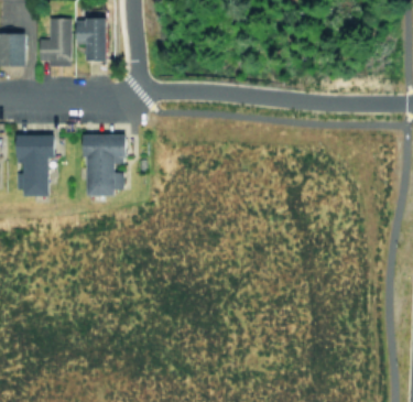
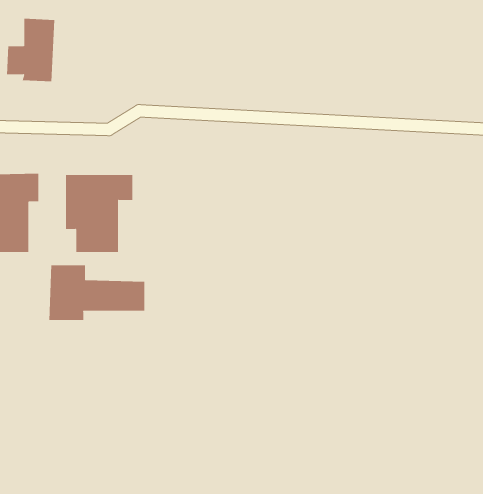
building: [69,18,108,58] -> none
building: none -> [49,264,145,321]

